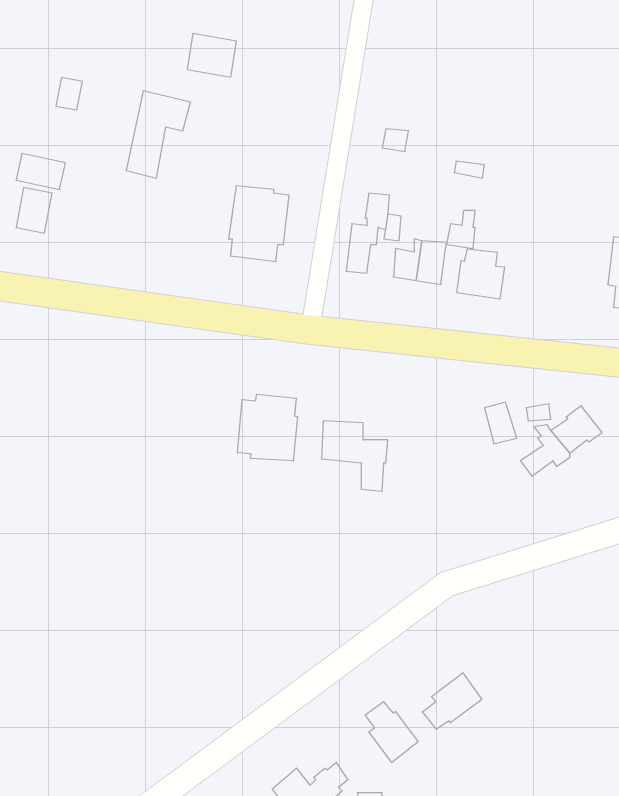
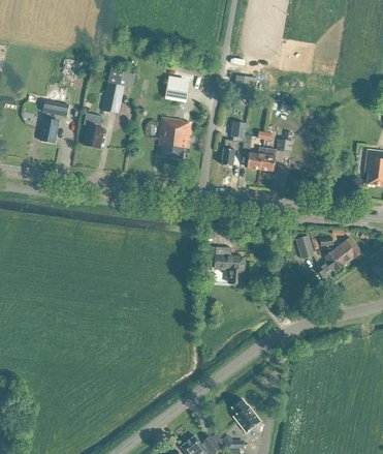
building: [187,33,236,77] -> [162,80,189,103]
building: none -> [83,114,103,149]
building: [457,249,504,299] -> none
building: [238,394,298,461] -> none
building: [422,673,482,729] -> none

